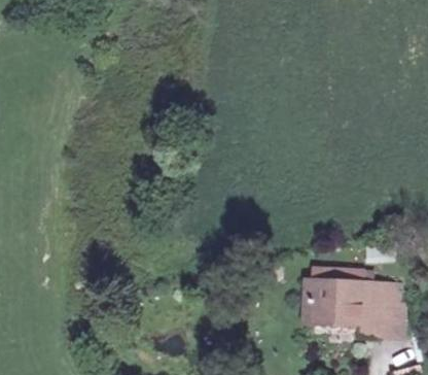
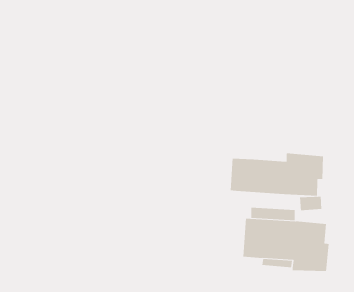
building: none -> [230,152,324,196]

